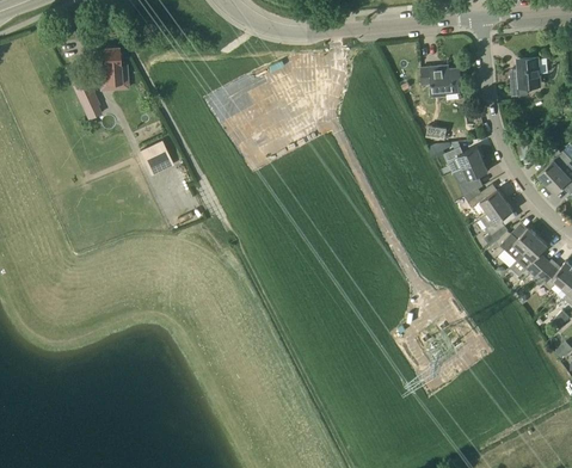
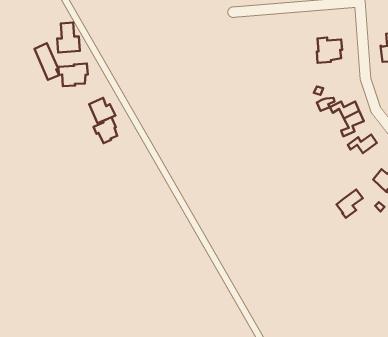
building: none -> [59,64,88,86]
building: none -> [94,117,117,143]
building: [480,199,513,235] -> [336,190,363,218]

